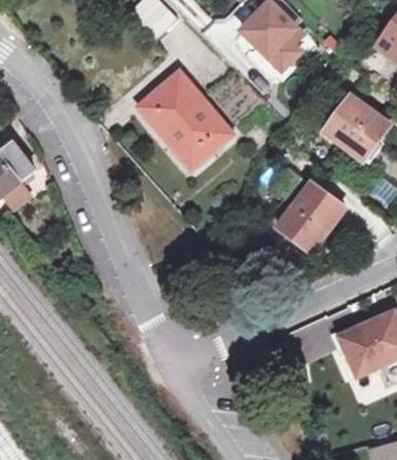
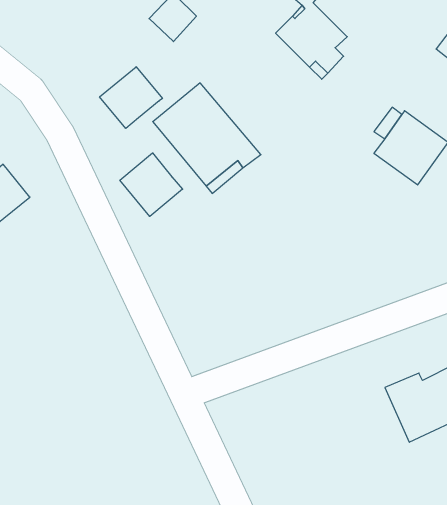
building: none -> [100,67,162,128]
building: none -> [120,153,183,216]
building: [273,166,348,254] -> none

